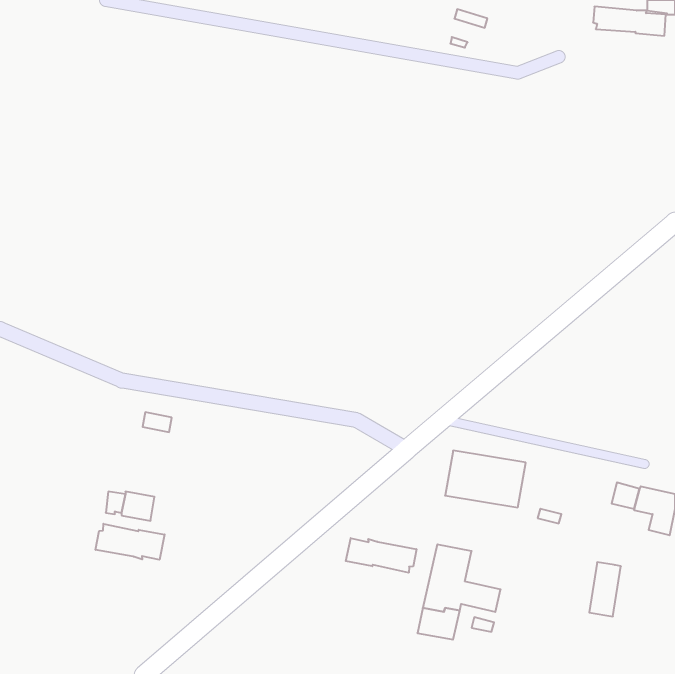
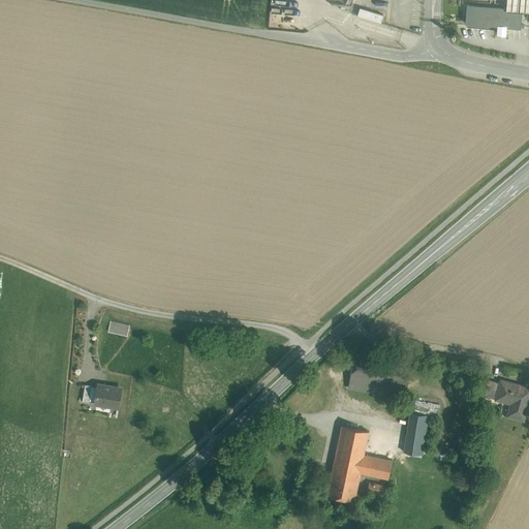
building: [96,524,165,560] -> none
building: [346,538,416,573] -> none
building: [589,562,621,616] -> [404,413,429,456]

